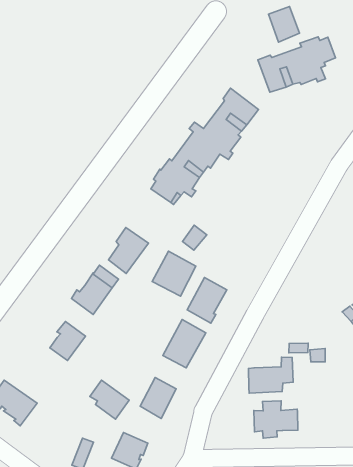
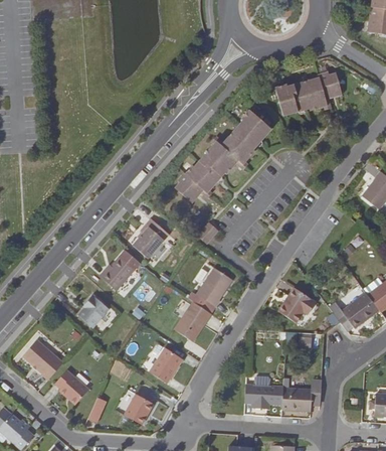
building: [268,6,299,42] -> none
building: [152,251,196,296] -> none
building: none -> [278,287,317,322]
building: [248,357,293,393] -> [282,381,322,410]
building: [90,380,129,419] -> [54,369,87,404]

